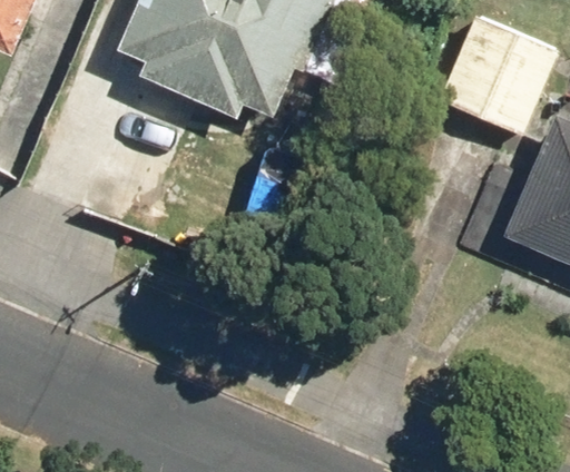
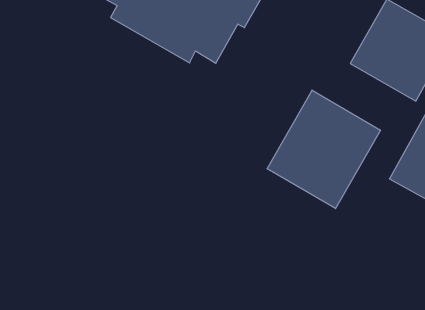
building: none -> [267,90,380,209]

